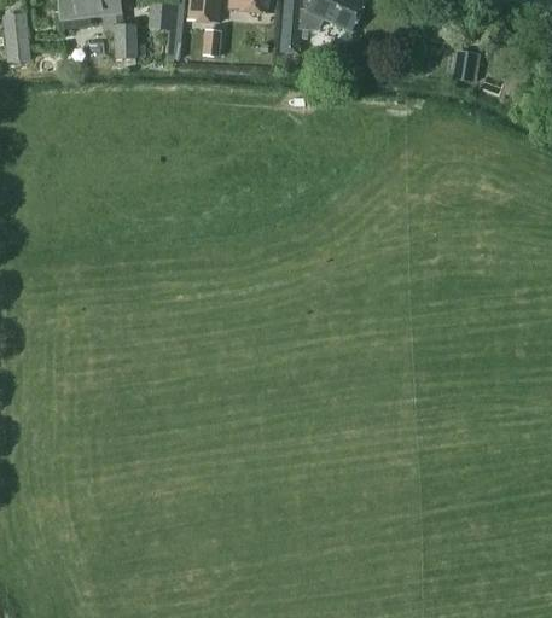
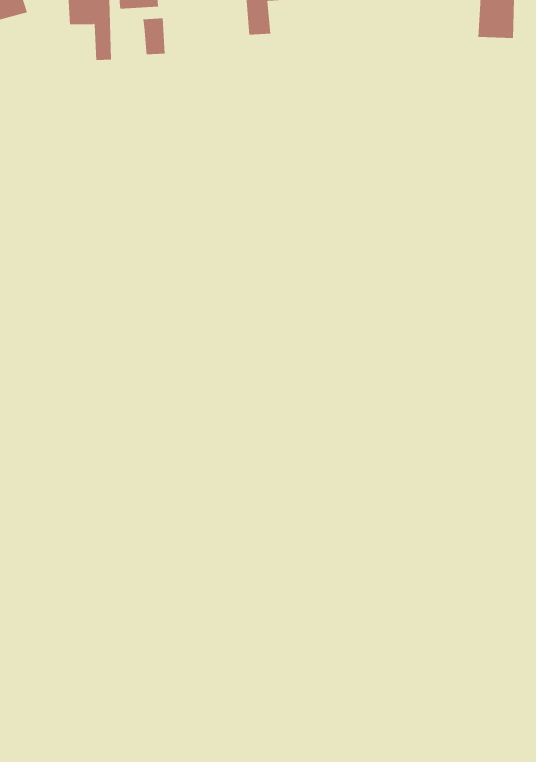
building: [114,23,135,58] -> none

